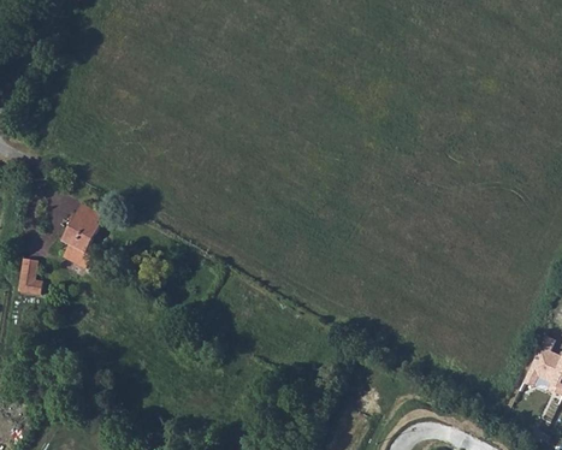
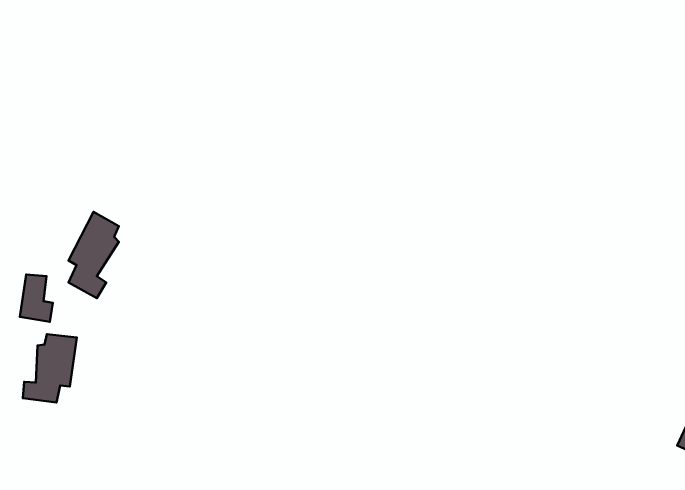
building: none -> [23,334,77,402]

